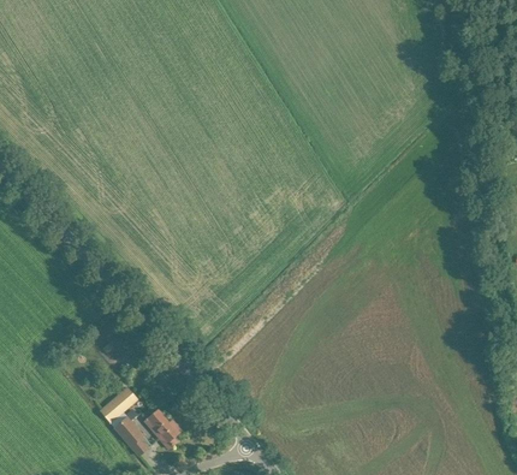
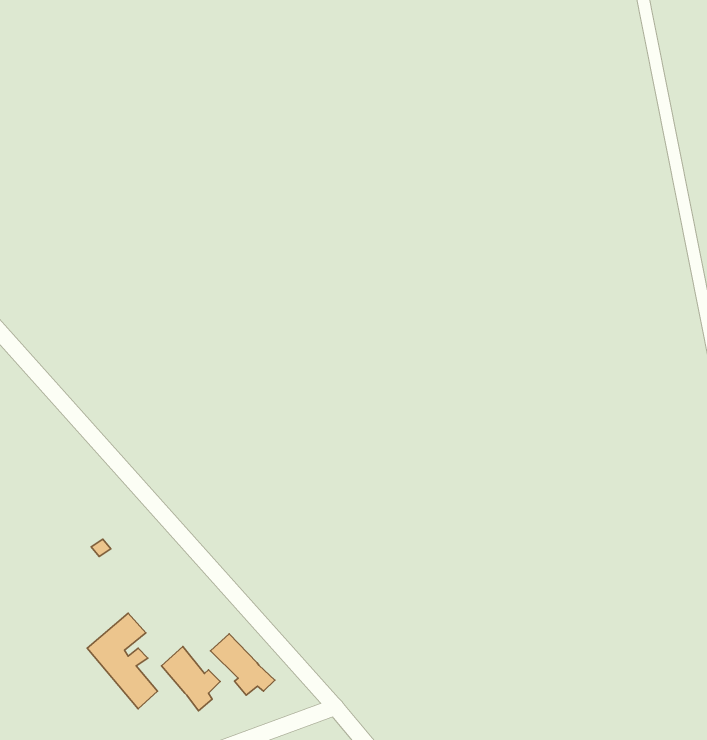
building: none -> [210,634,275,695]

